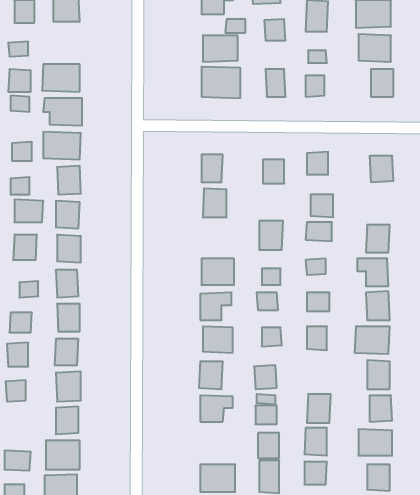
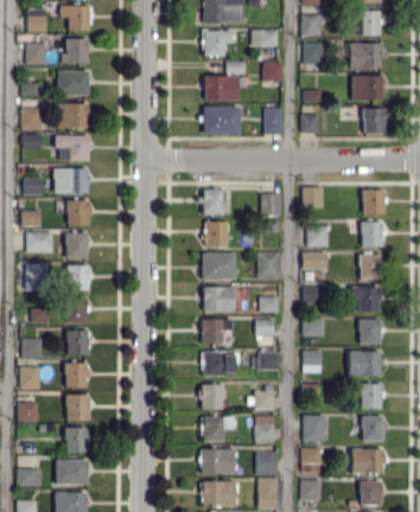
building: none -> [57,70,89,96]
building: none -> [361,222,382,248]
building: none -> [202,252,235,281]
building: none -> [201,448,234,475]

